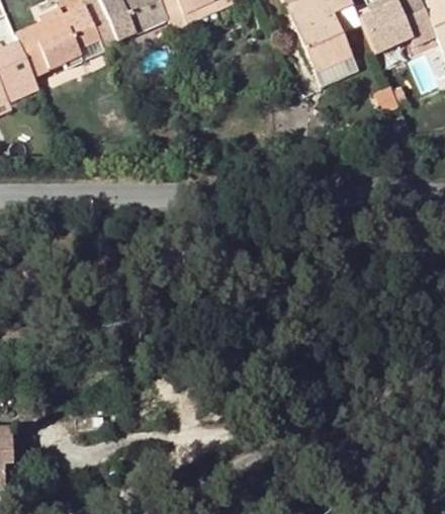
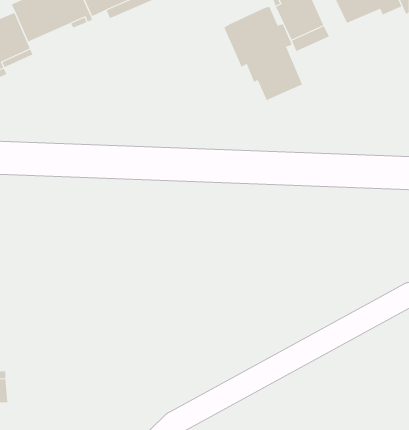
building: none -> [223,6,303,101]

